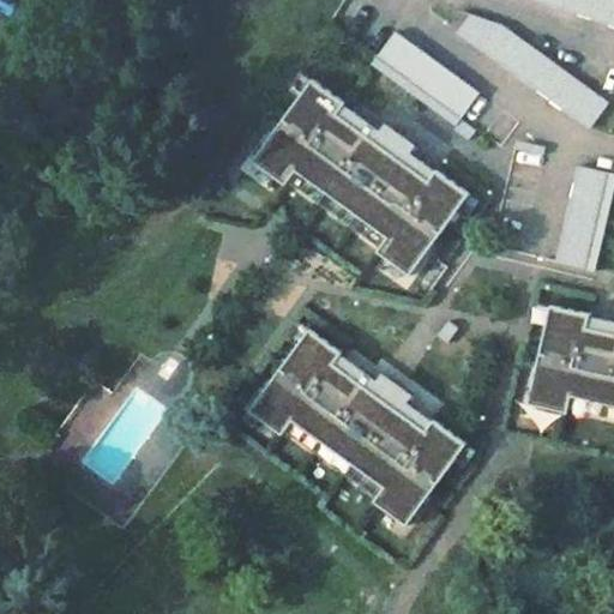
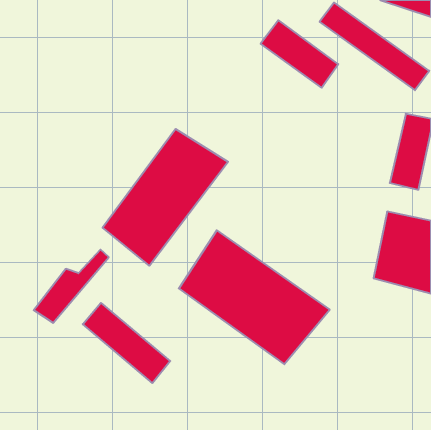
building: [255,76,463,273] -> none
building: none -> [103,129,228,266]
building: none -> [83,303,170,383]

